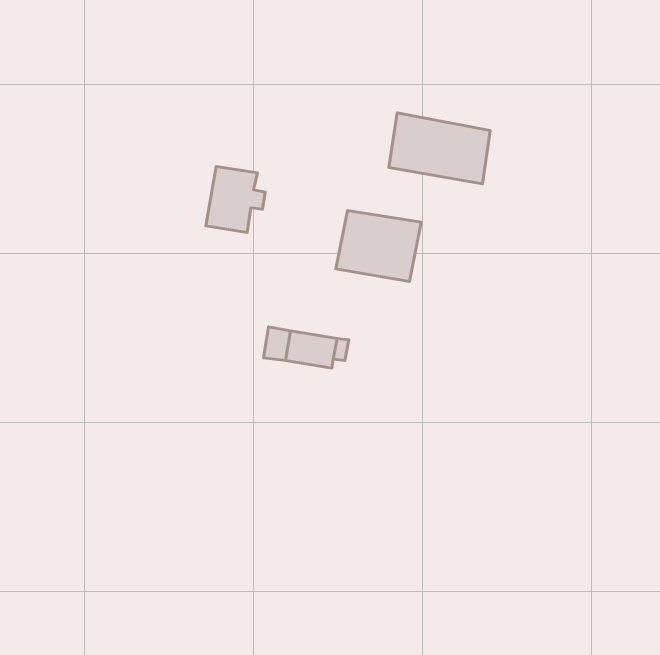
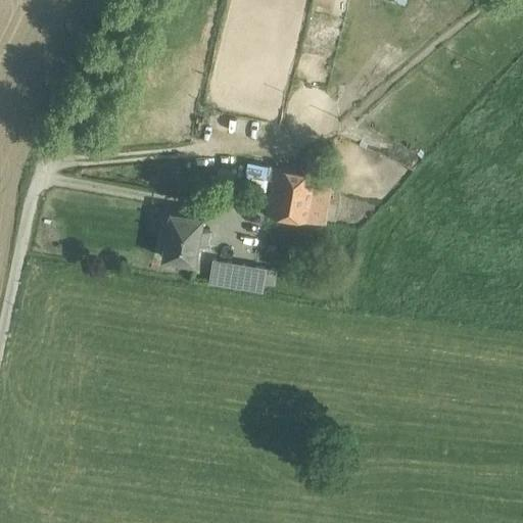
building: [389,113,490,184] -> none
building: [206,166,265,232] -> [162,213,209,266]

